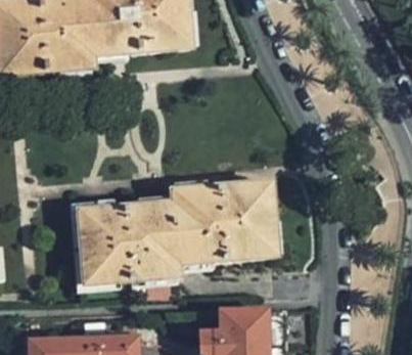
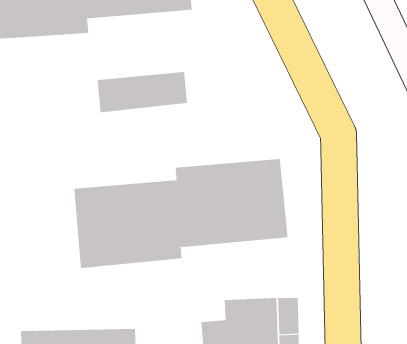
building: none -> [97,71,187,113]

